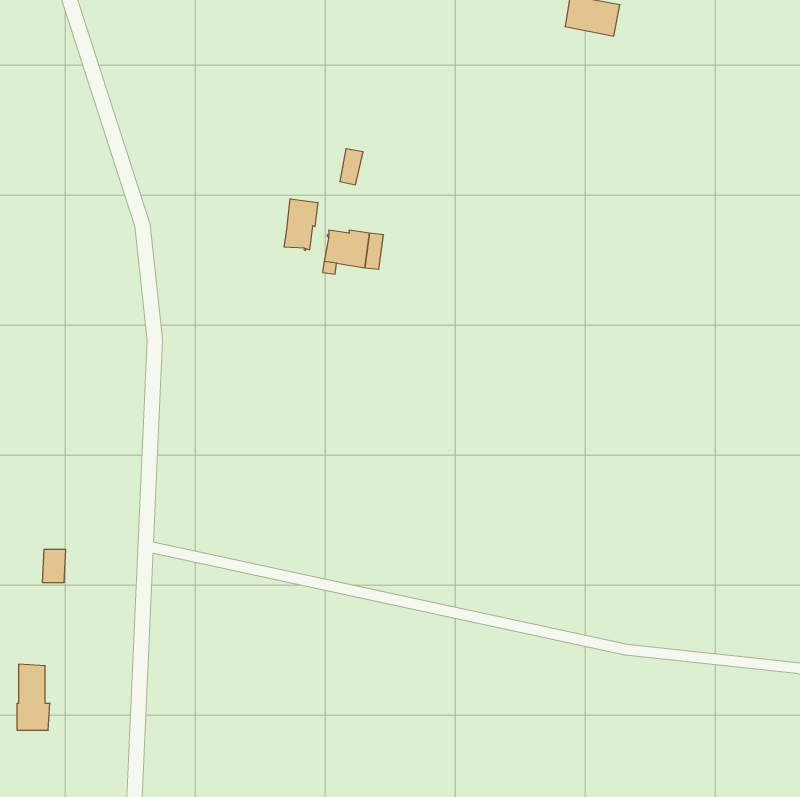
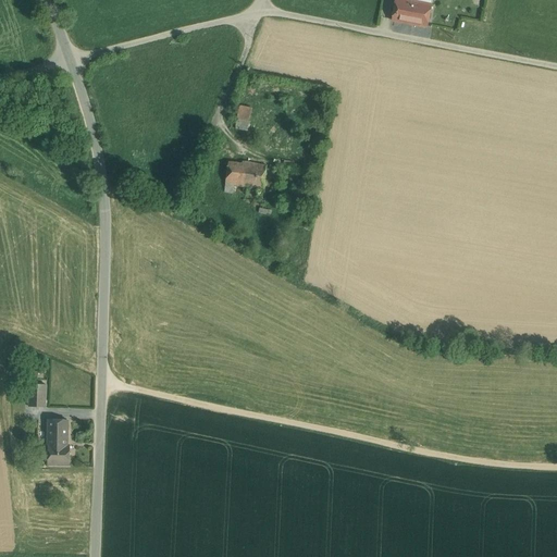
building: [284,199,318,251] -> none
building: [17,664,50,730] -> [48,417,71,462]

